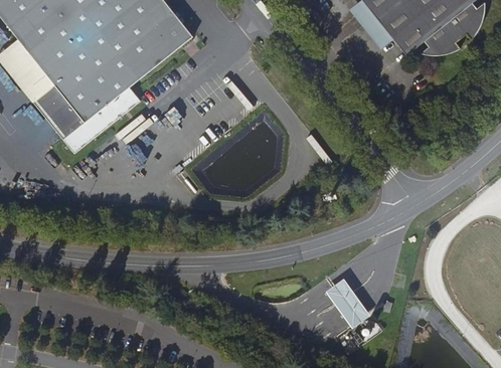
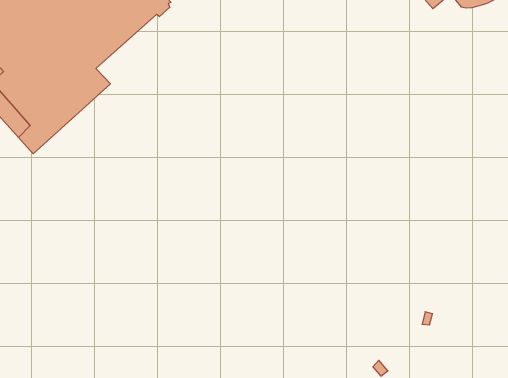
building: [324,277,369,327] -> none

